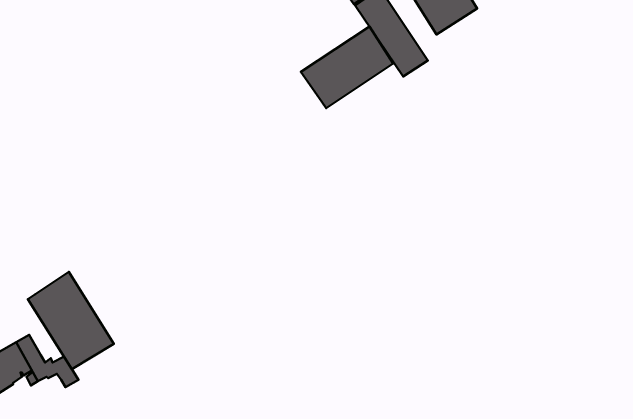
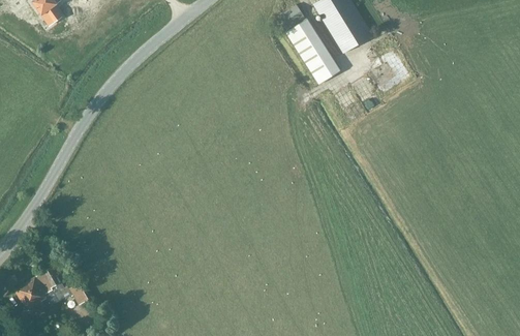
building: [301,26,393,108] -> none
building: [28,272,114,369] -> none

